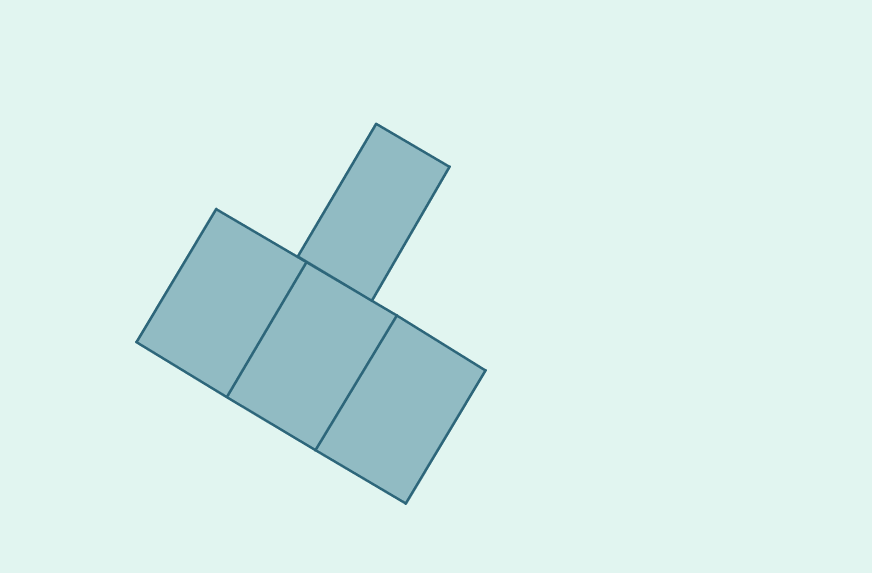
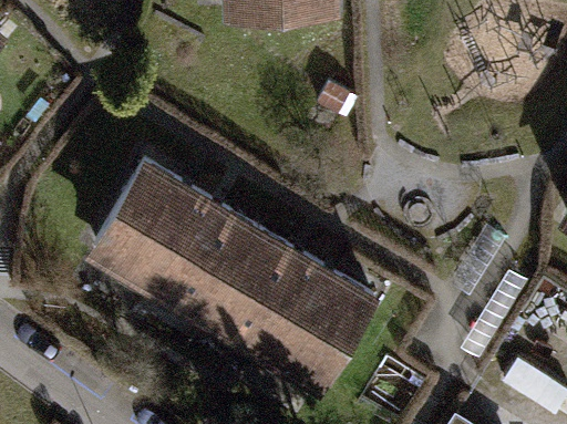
building: [298,124,450,301] -> none
building: none -> [264,265,370,381]

